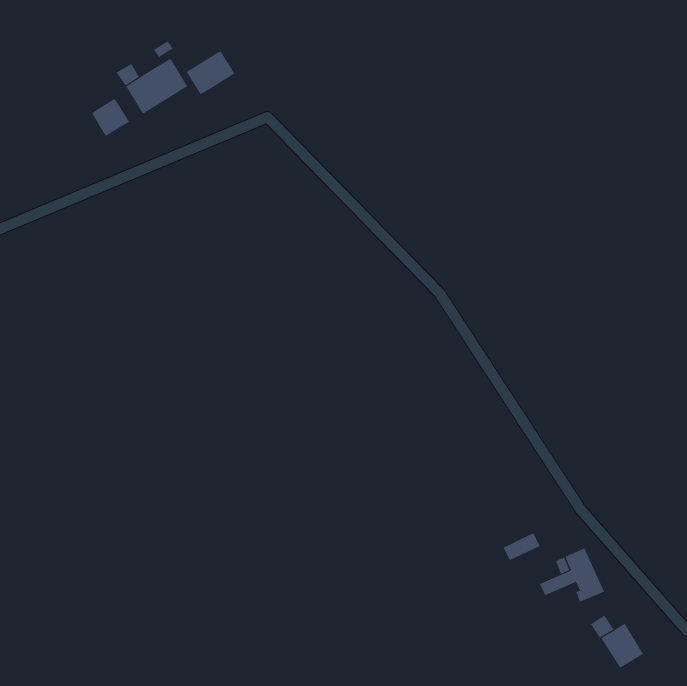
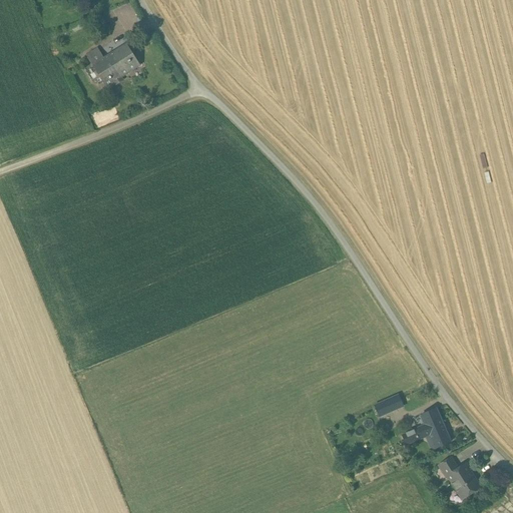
building: [186,50,235,95] -> none
building: [91,98,130,137] -> none

